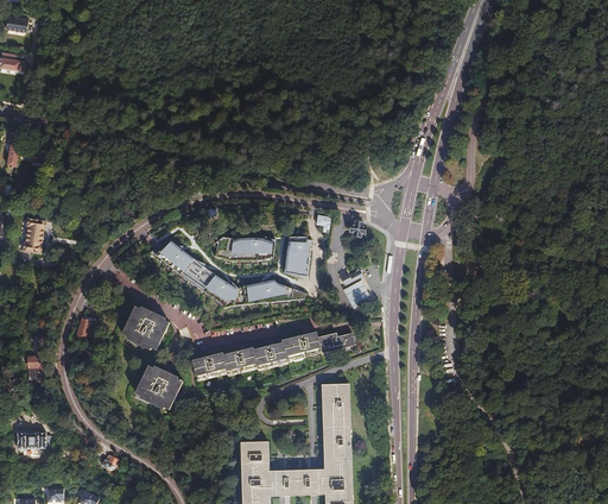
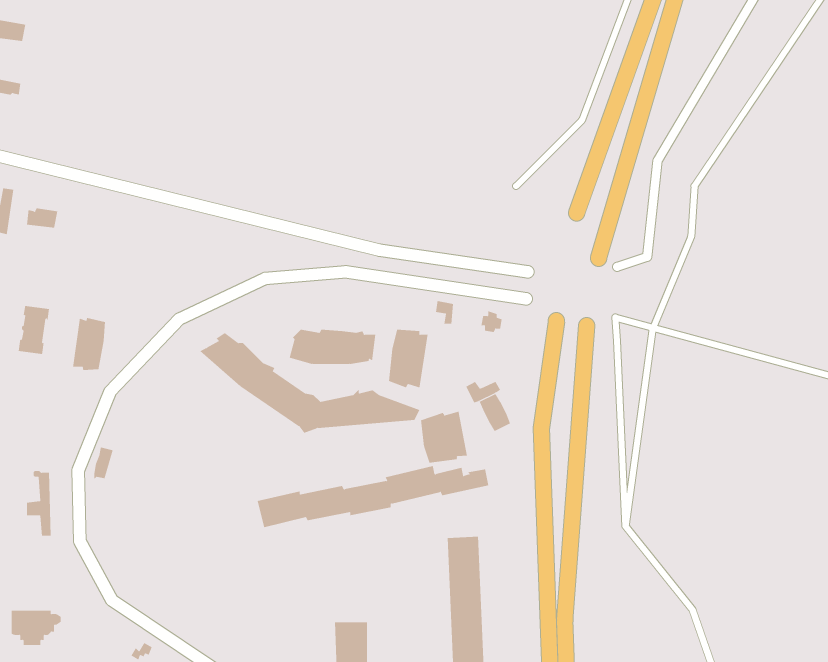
building: none -> [72,317,105,371]
building: none -> [420,411,467,463]
building: [121,305,167,348] -> none
building: [133,364,180,408] -> none

